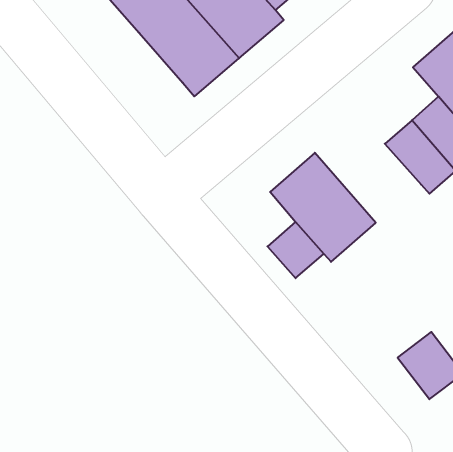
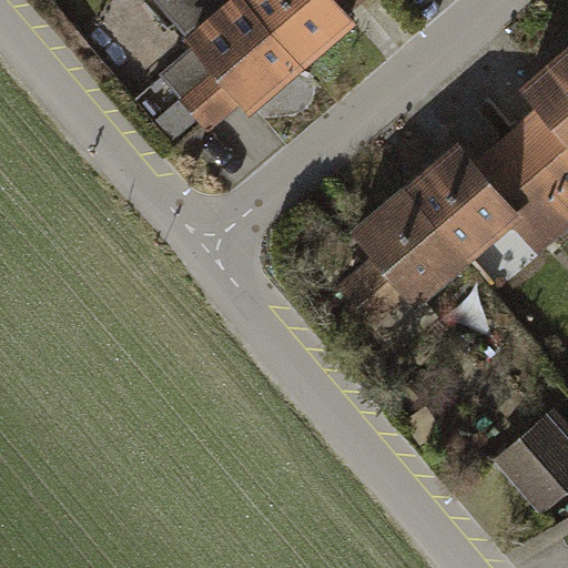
building: none -> [150,40,237,132]
building: none -> [398,140,528,272]

